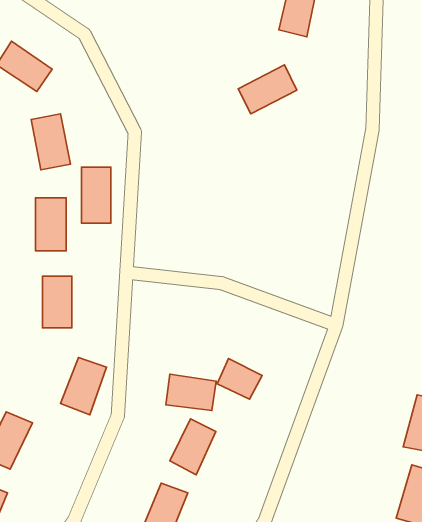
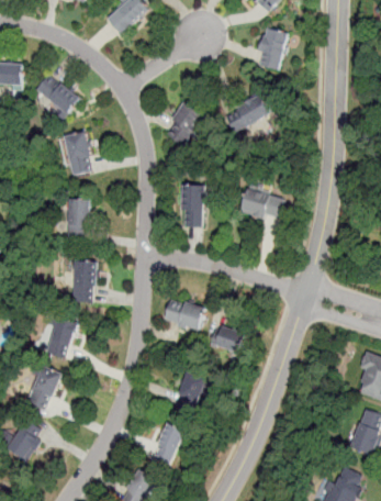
building: none -> [166,102,206,143]
building: [82,167,111,223] -> [180,183,203,227]
building: none -> [240,189,281,220]
building: [60,357,107,415] -> [43,315,79,360]
building: [166,374,216,411] -> [164,301,203,330]

